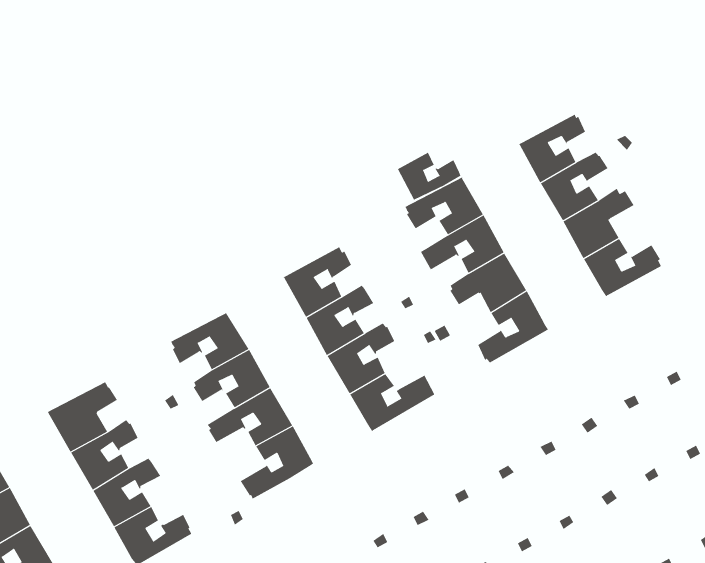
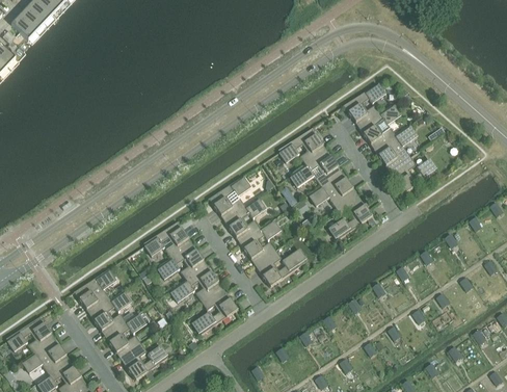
building: [397,152,461,201] -> none

